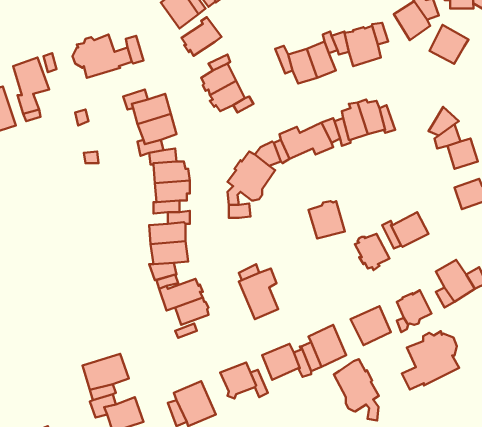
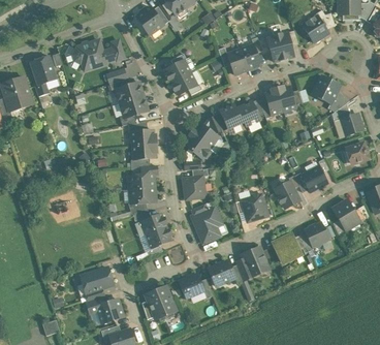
building: [182,17,221,56] -> none
building: [430,25,469,64] -> [313,75,341,103]
building: [309,201,345,239] -> [242,194,267,221]
building: none -> [183,176,205,199]
building: [402,331,459,390] -> none
building: [334,359,379,421] -> none

